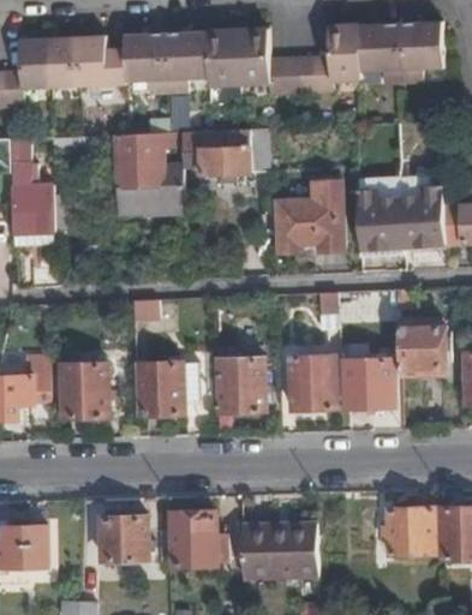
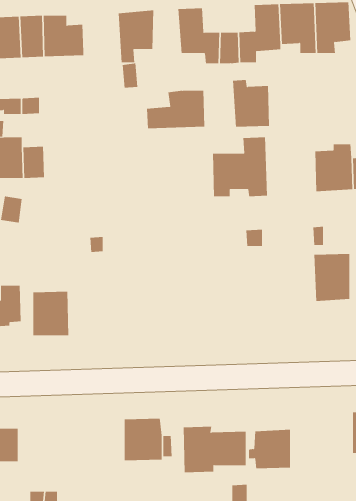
building: [207,30,239,84] -> none
building: [124,35,168,95] -> none
building: [114,131,181,210] -> none
building: [354,191,399,247] -> [232,80,270,127]
building: [289,357,334,410] -> none
building: [342,358,392,406] -> none
building: [219,359,264,412] -> none
building: [139,364,184,417] -> none
building: [382,507,432,554] -> [248,429,291,469]
building: [101,515,147,560] -> none

